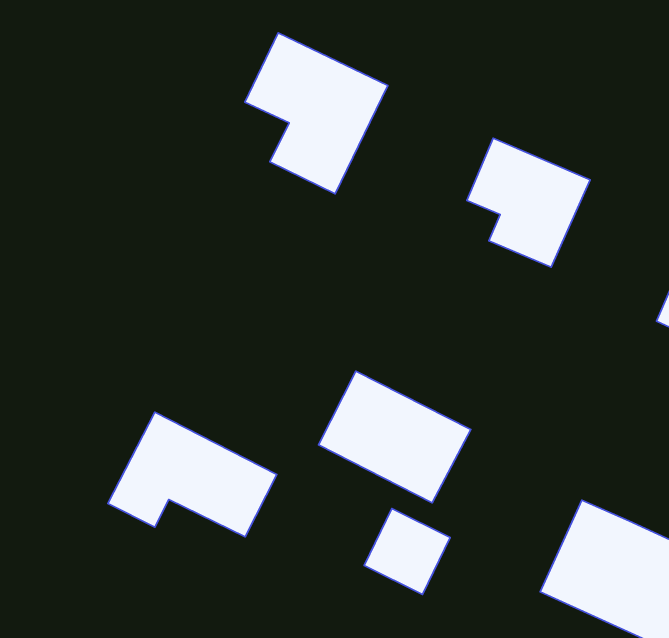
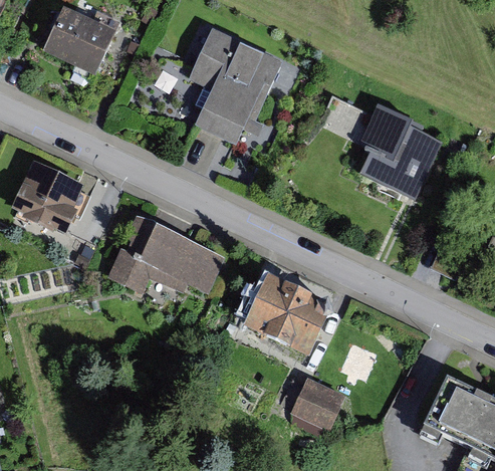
building: none -> [45,10,125,76]
building: none -> [15,159,91,233]
building: [108,412,277,537] -> [110,214,233,304]

